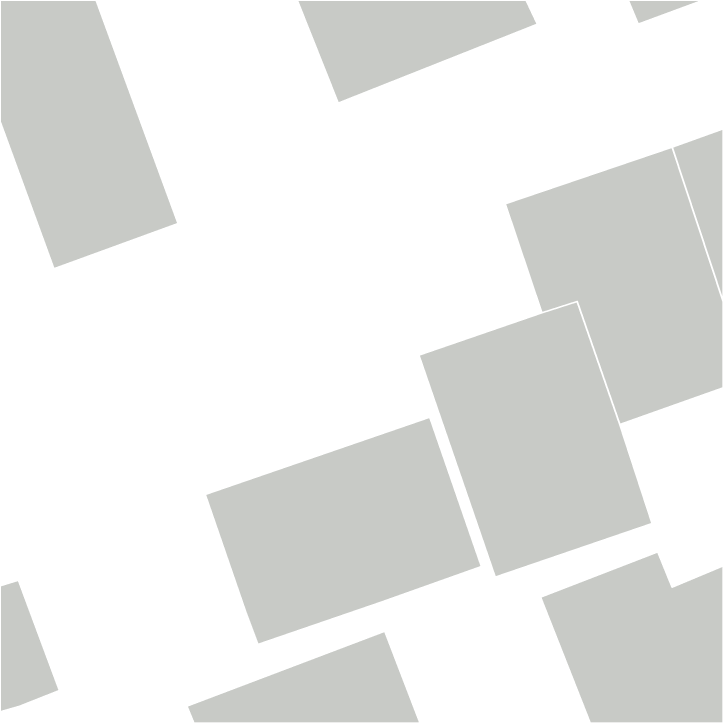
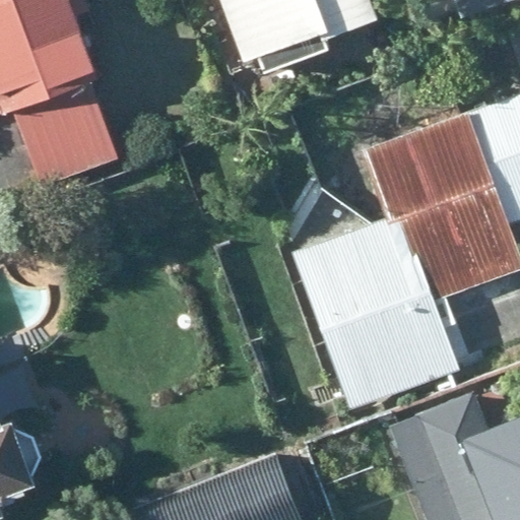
building: [205,417,481,645] -> none

